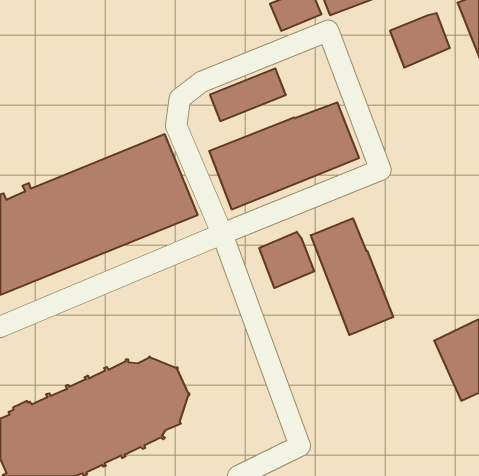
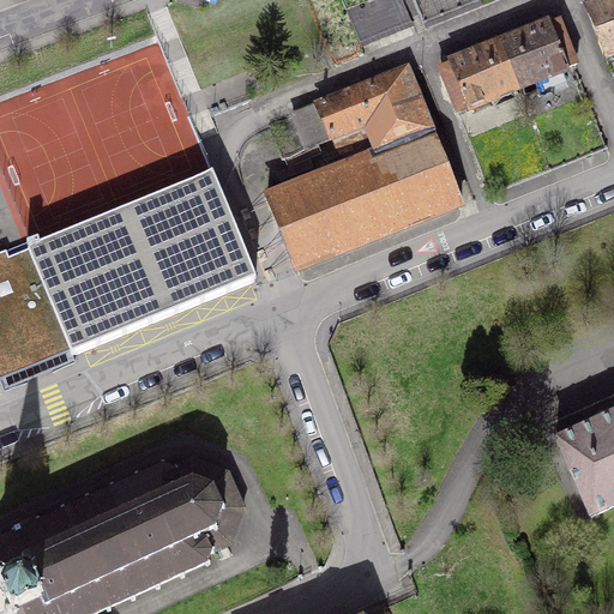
building: none -> [440,40,517,108]
building: none -> [353,66,432,151]
building: [311,218,393,335] -> none
building: [259,232,314,288] -> none

